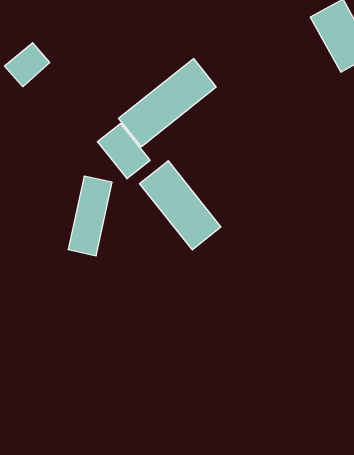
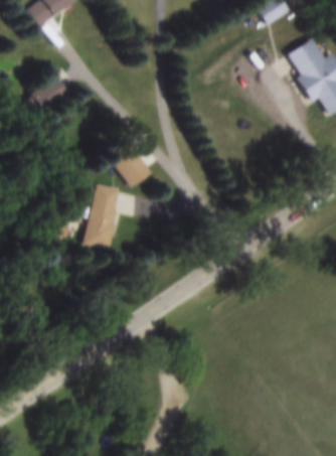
building: [119,59,216,147] -> none
building: [140,161,221,250] -> none

